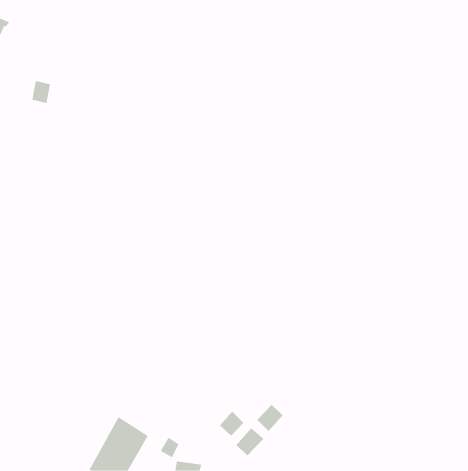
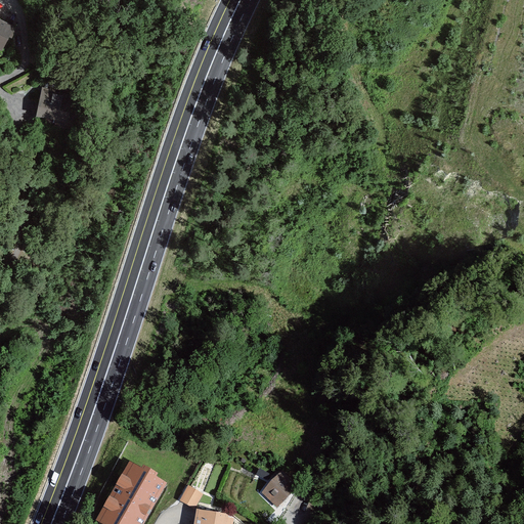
building: [257,404,283,432] -> none
building: [219,411,244,437] -> none

